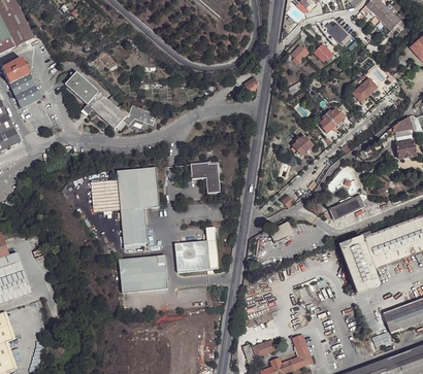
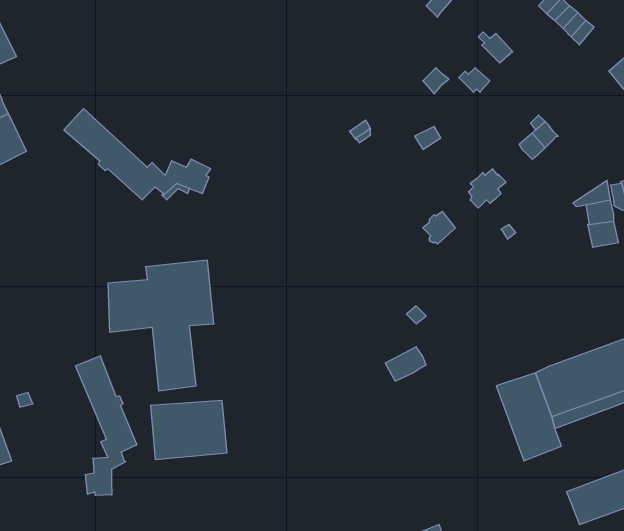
building: [190,161,220,192] -> none
building: [329,194,365,218] -> none
building: [173,226,218,272] -> none
building: none -> [75,356,137,495]

